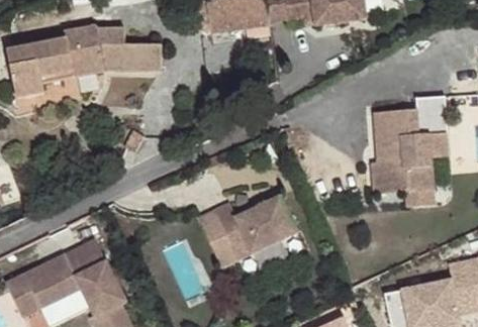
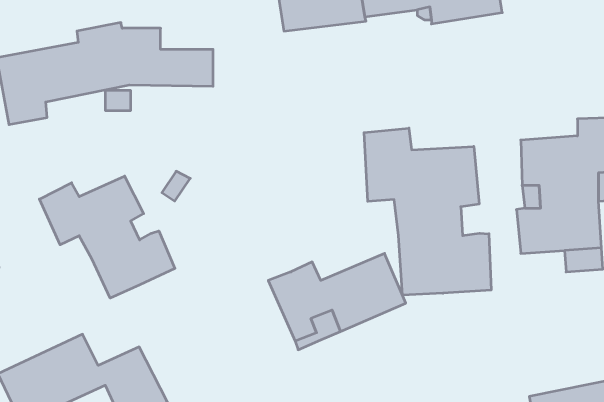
building: none -> [364,128,491,295]
building: none -> [39,176,175,298]
building: [66,235,106,271] -> none

